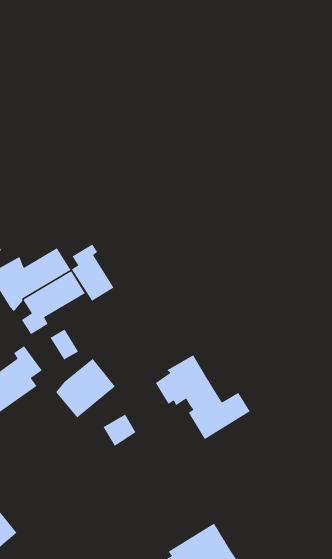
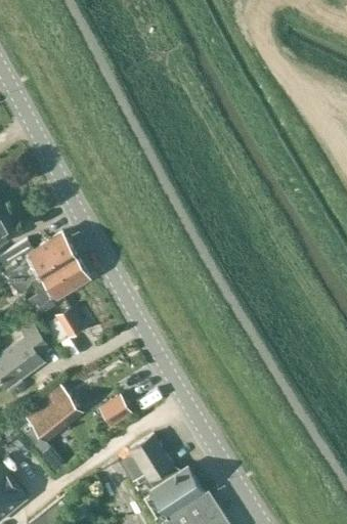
building: [71,243,114,302] -> none
building: [155,354,251,440] -> [118,436,207,516]
building: [55,358,116,419] -> [25,386,81,442]

